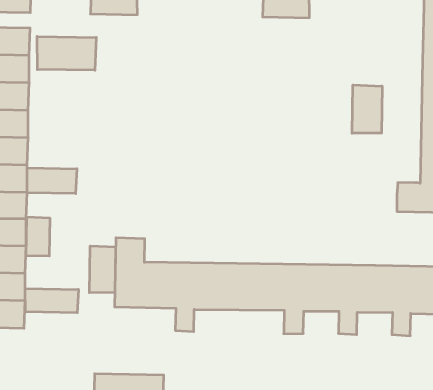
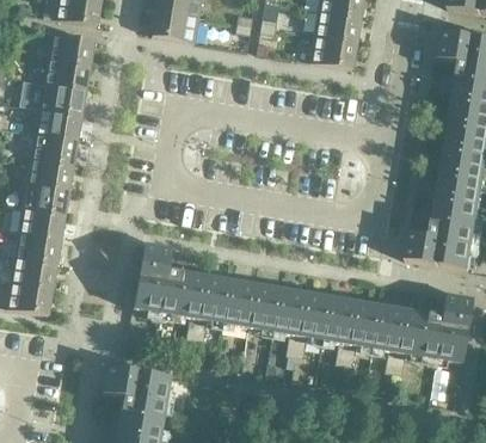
building: [37,36,96,70] -> none
building: [352,85,382,133] -> none
building: [27,168,77,194] -> none
building: [26,217,50,256] -> none
building: [89,246,115,293] -> none
building: [25,289,78,313] -> none

